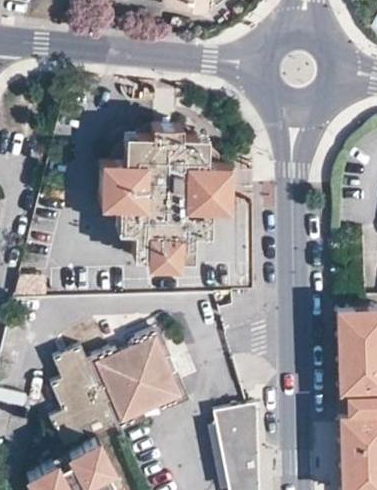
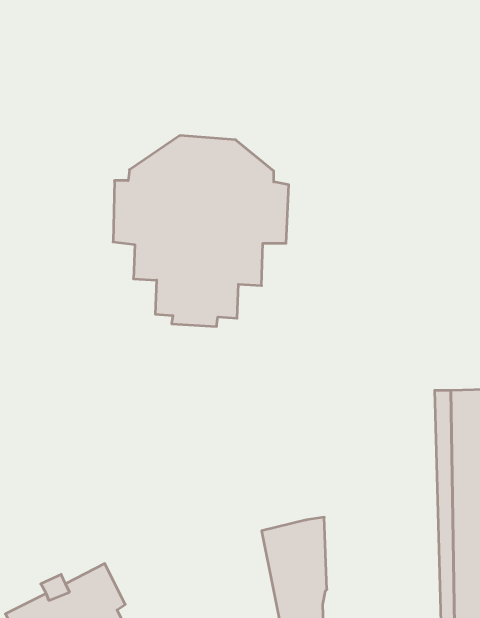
building: [49,327,188,443] -> none

